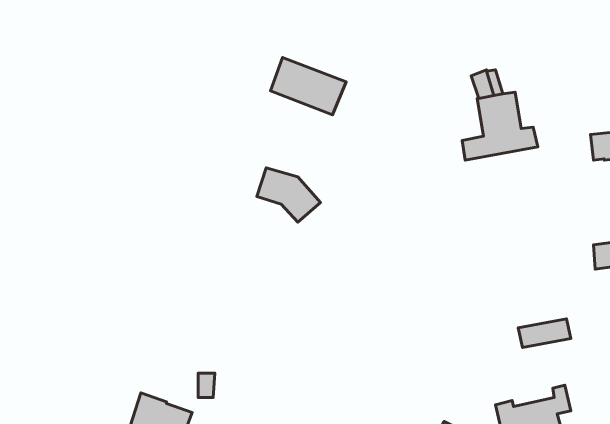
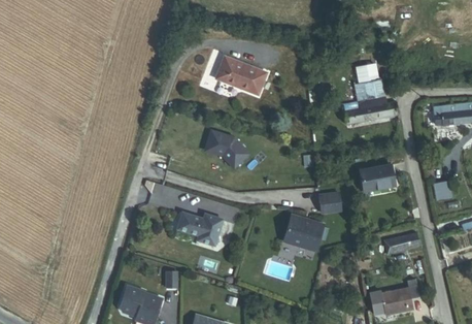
building: none -> [362,164,396,192]
building: none -> [318,191,341,213]
building: none -> [177,210,223,245]
building: none -> [282,213,324,250]

